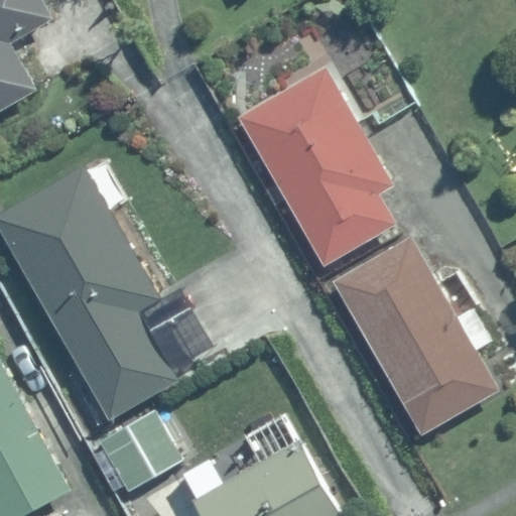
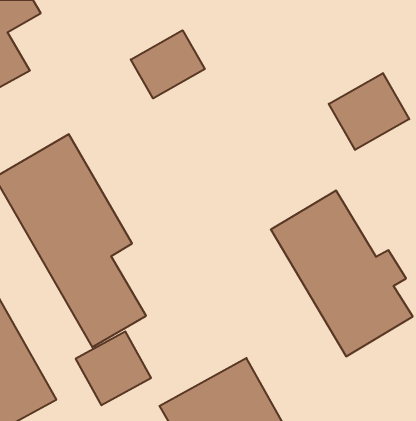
building: none -> [131,30,205,98]
building: [234,61,399,268] -> none
building: none -> [329,73,409,150]

